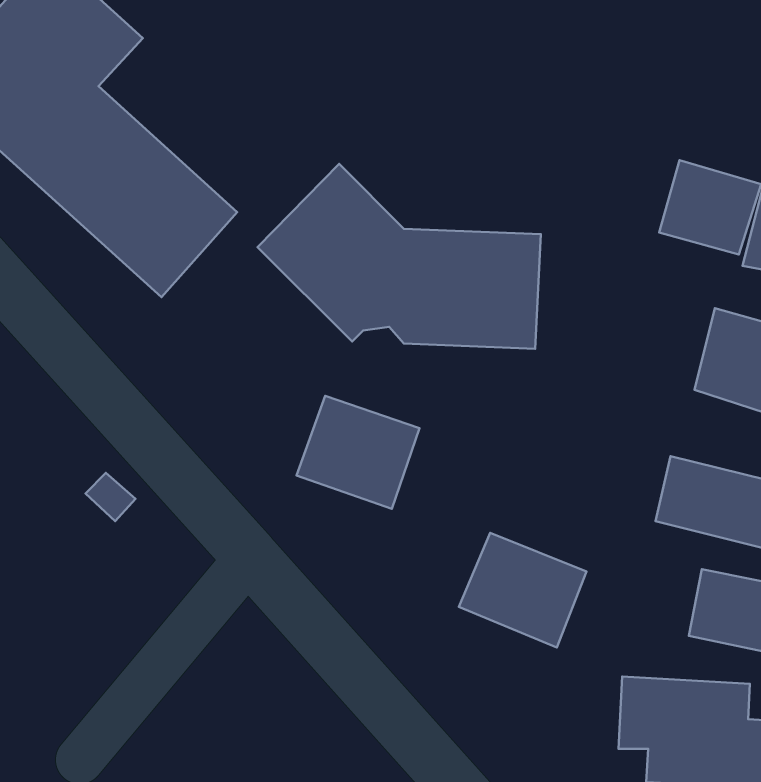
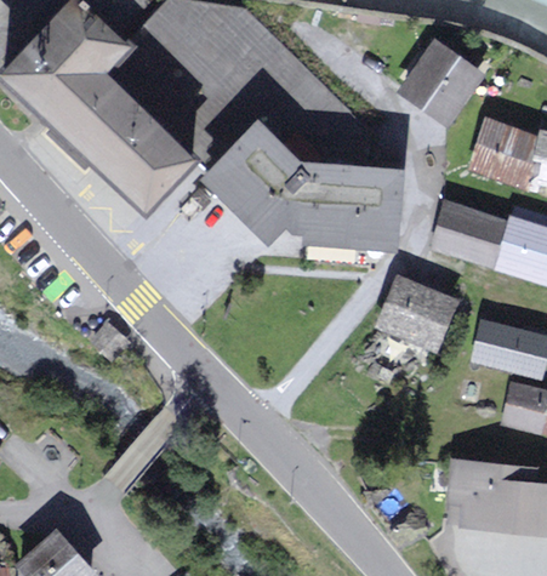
building: none -> [388,35,484,132]
building: none -> [422,195,505,272]
building: [296,396,419,509] -> none
building: [459,533,587,648] -> [375,278,458,353]

